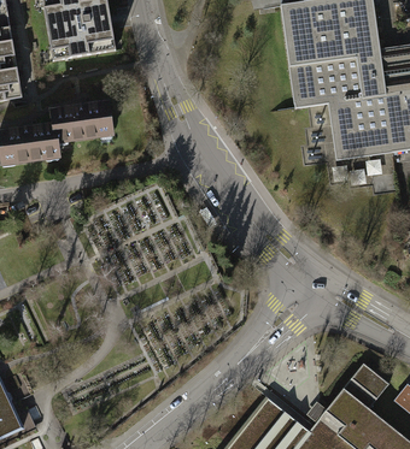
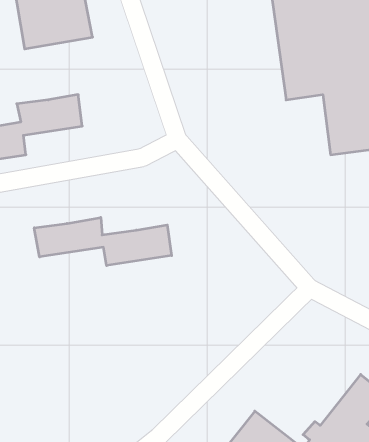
building: none -> [34,217,172,266]

